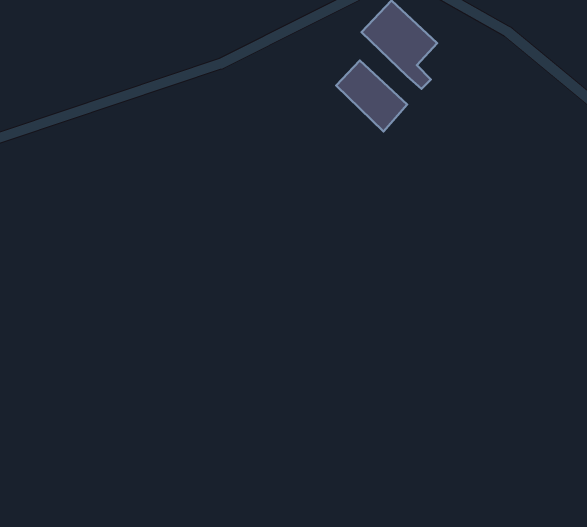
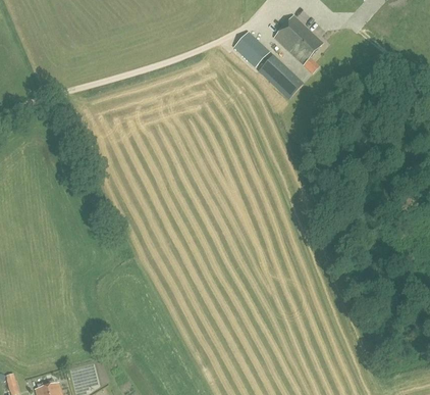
building: none -> [234,32,269,66]

